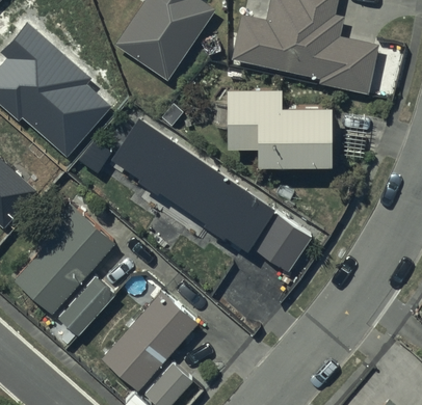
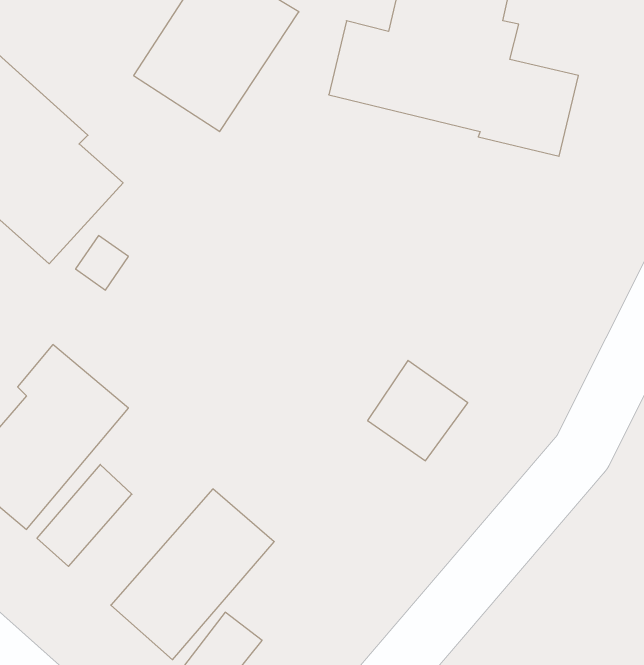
building: [229,89,333,166] -> none
building: [112,120,278,253] -> none

